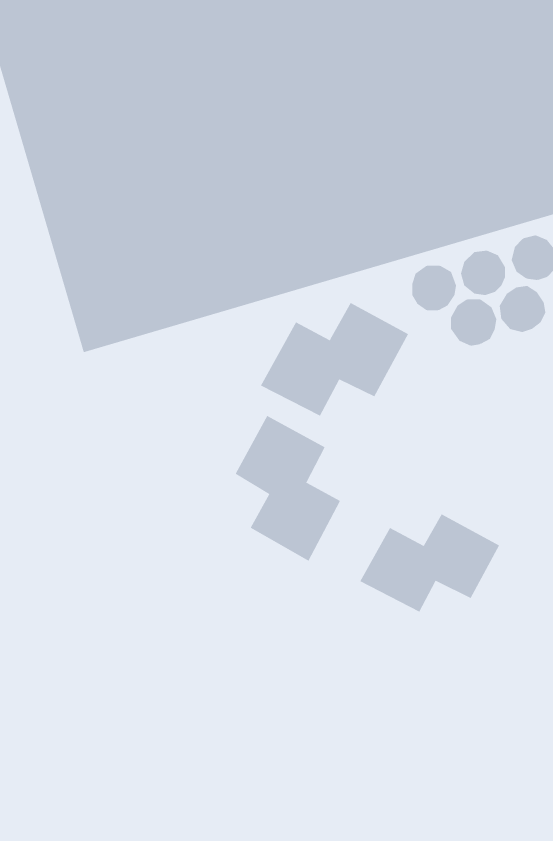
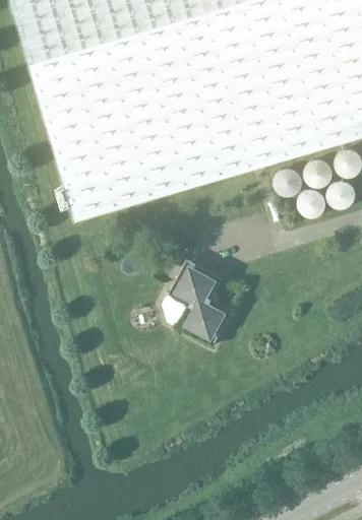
building: [260,302,409,417] -> none
building: [360,514,500,612] -> none

